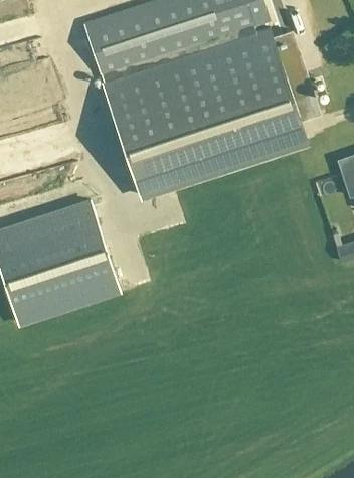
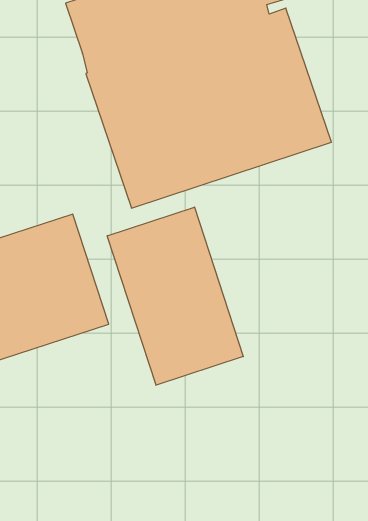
building: none -> [107,207,243,385]

